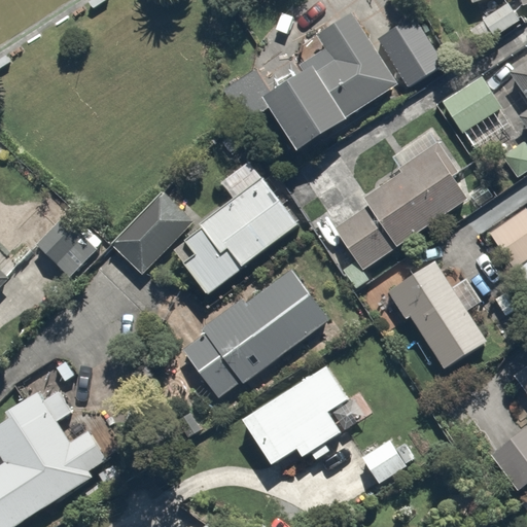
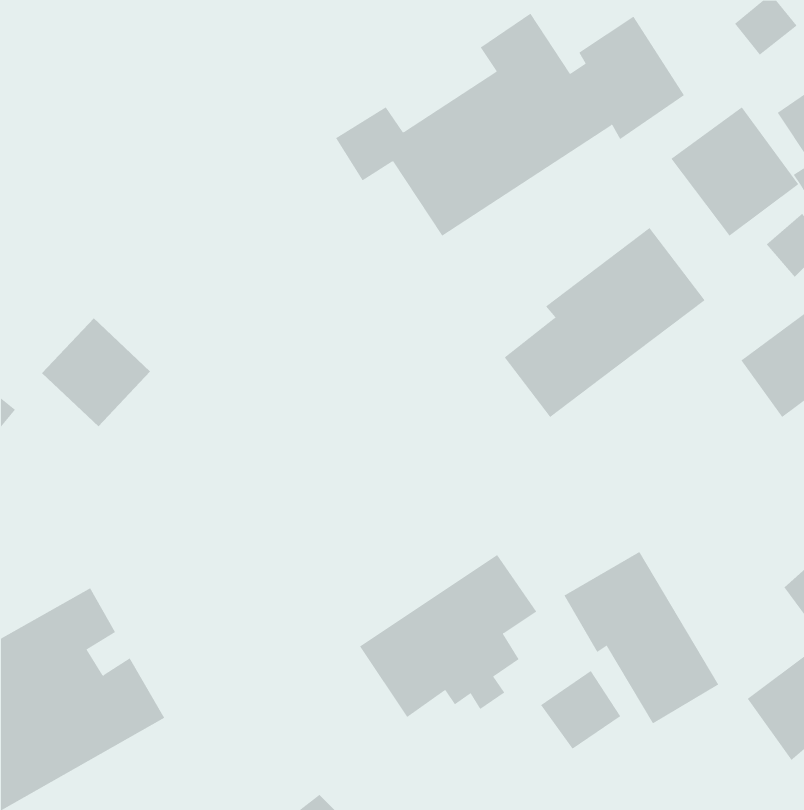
building: [115,156,298,300] -> none
building: [384,255,485,367] -> [563,551,719,724]
building: [182,265,335,405] -> none

